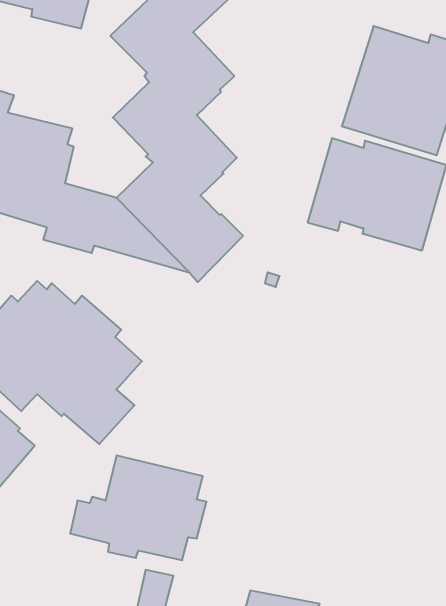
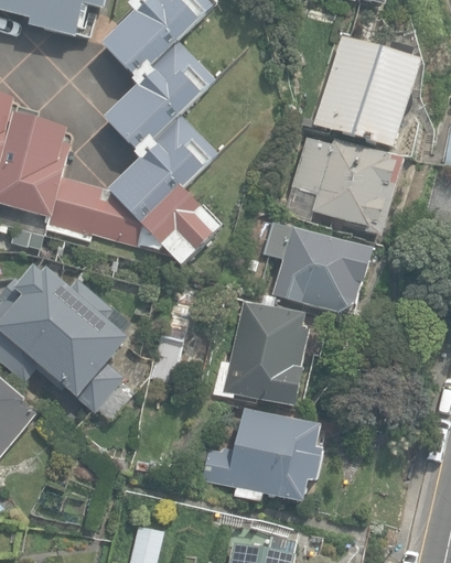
building: none -> [261,220,378,312]
building: none -> [223,299,313,405]
building: [70,455,207,560] -> [198,407,322,501]

